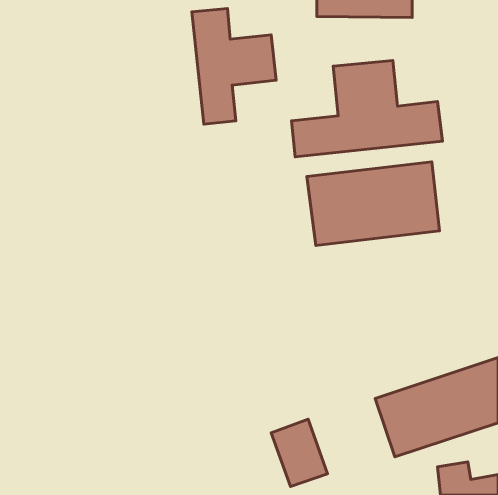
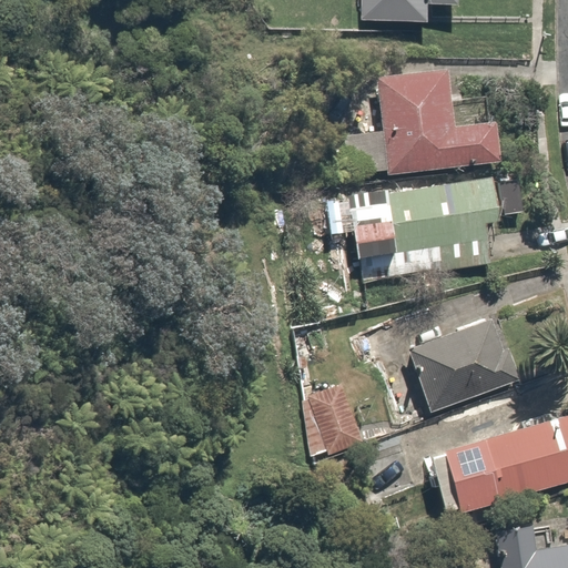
building: [192,8,276,124] -> none
building: none -> [409,322,519,418]
building: [271,419,328,486] -> [303,379,367,456]

